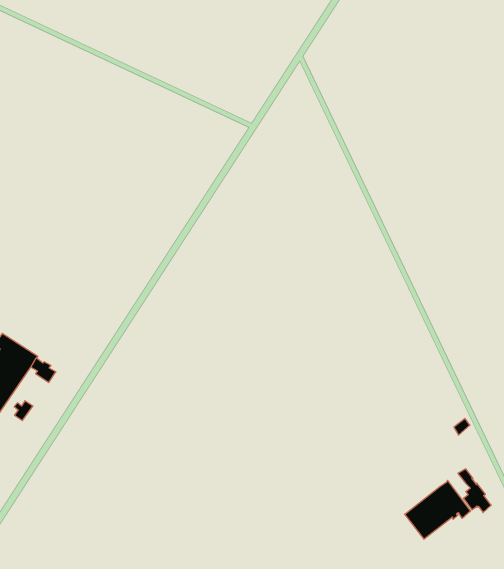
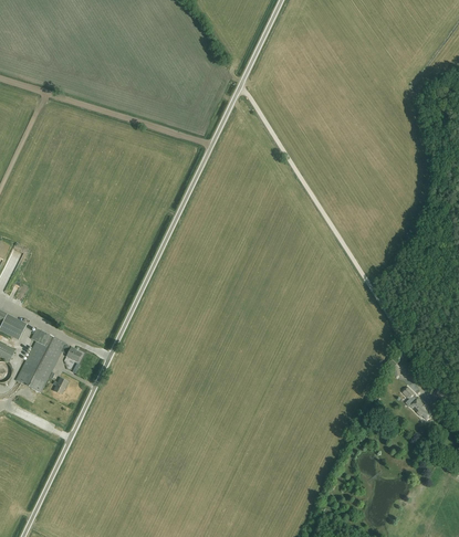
building: [405,480,471,539] -> none

